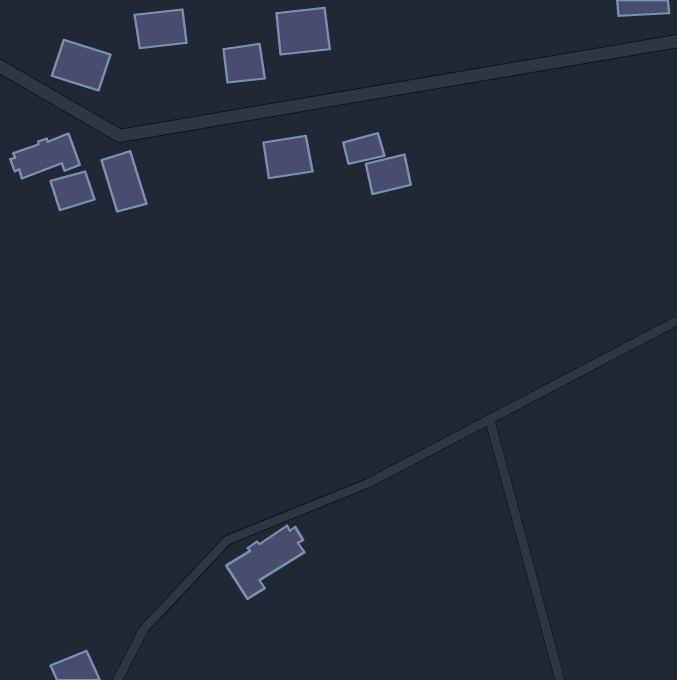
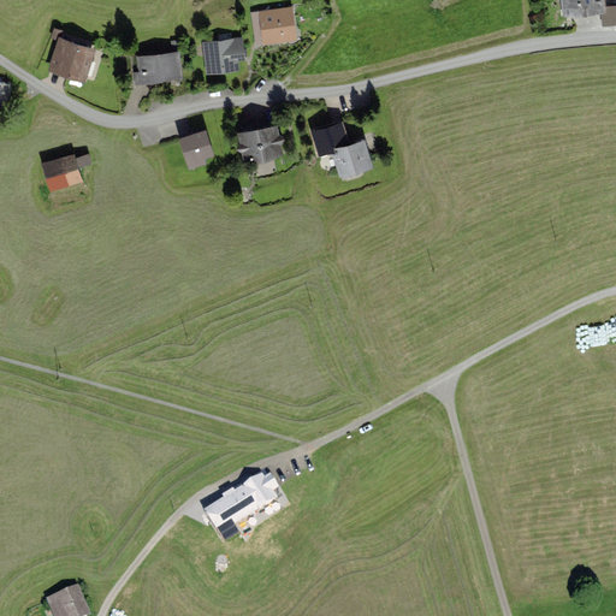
building: [135,10,187,48] -> [135,52,182,87]
building: [10,134,80,178] -> none
building: none -> [179,128,214,162]
building: [101,151,146,211] -> none

